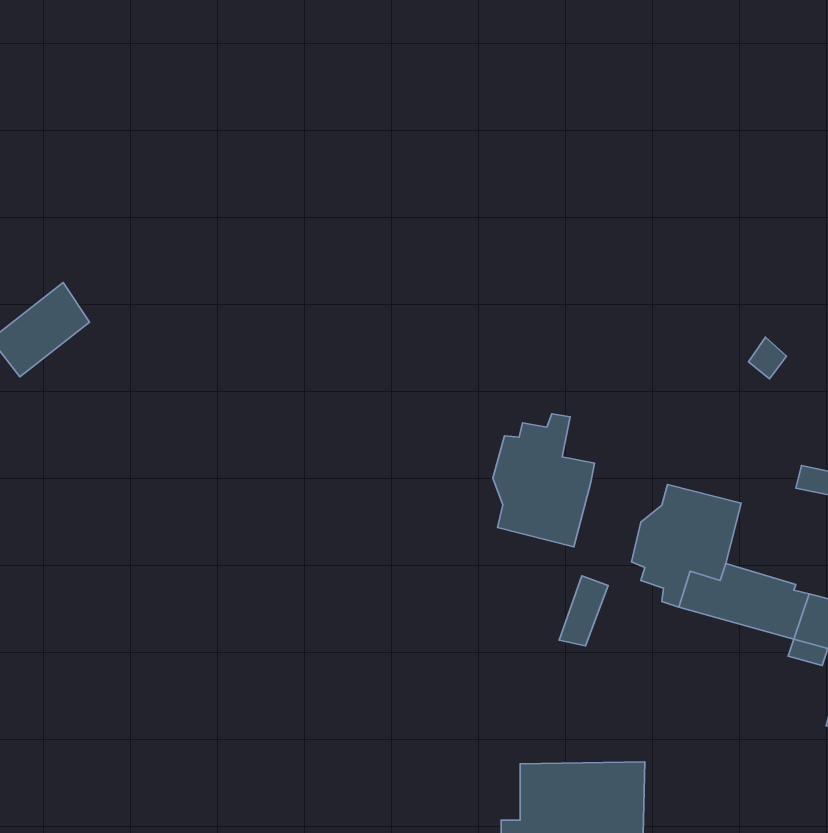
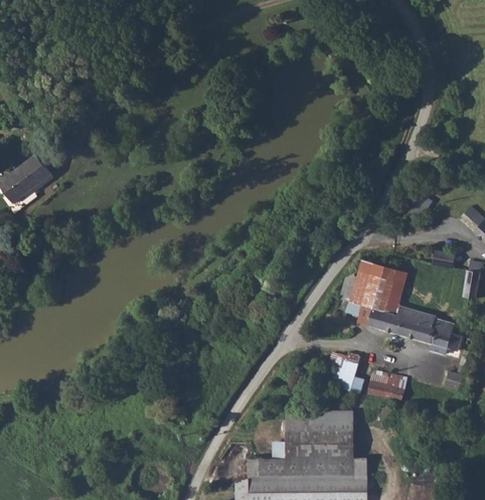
building: [493,414,594,547] -> none
building: [559,576,608,646] -> [337,352,363,389]
building: none -> [365,373,409,405]

